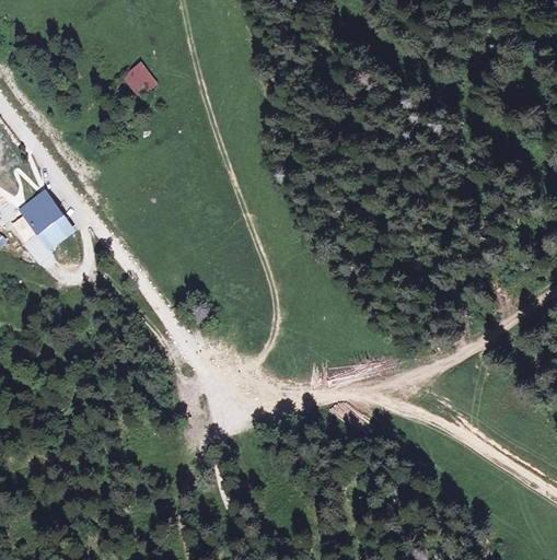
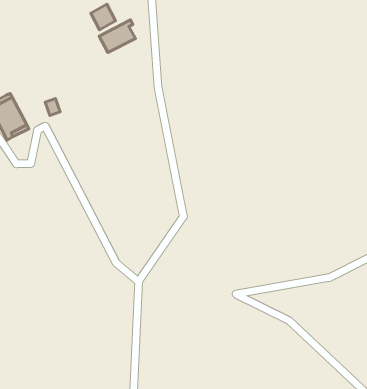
building: none -> [99,20,135,53]

